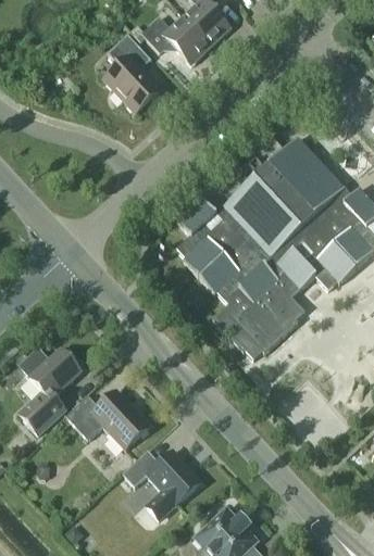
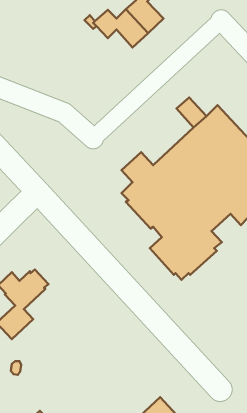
building: [104,34,160,113] -> none
building: [66,390,150,450] -> none
building: [123,450,202,521] -> none

